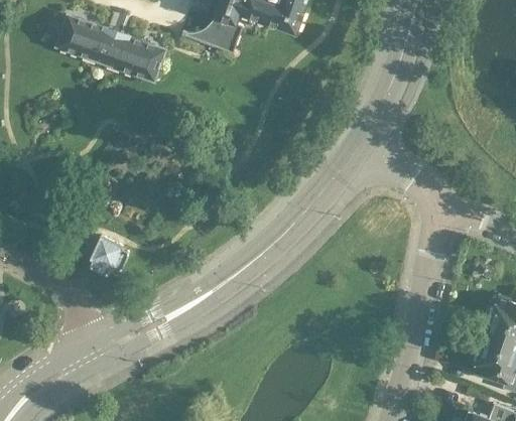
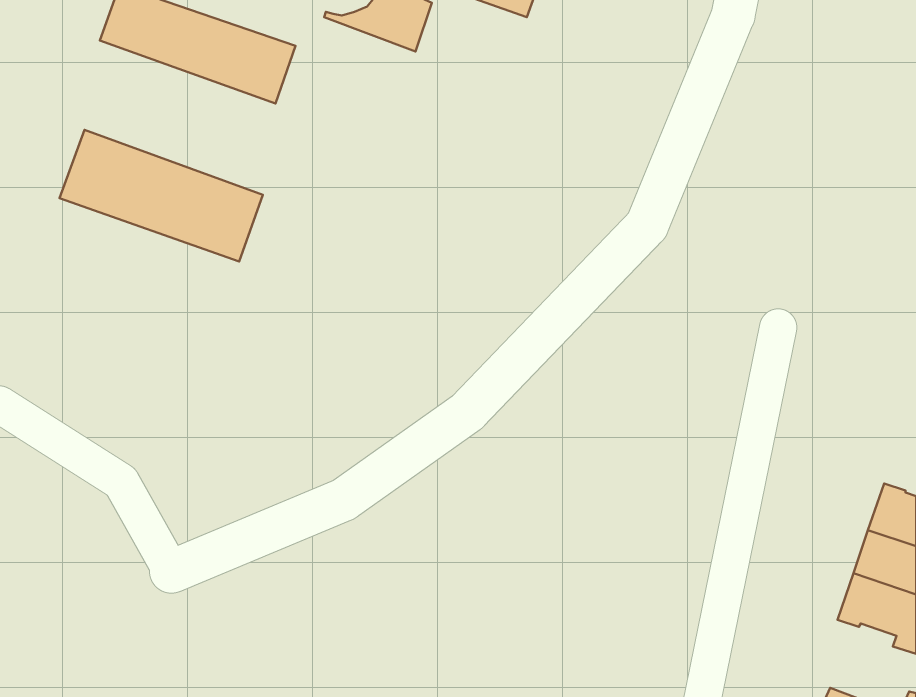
building: none -> [59,130,263,262]
building: [90,235,126,270] -> none

